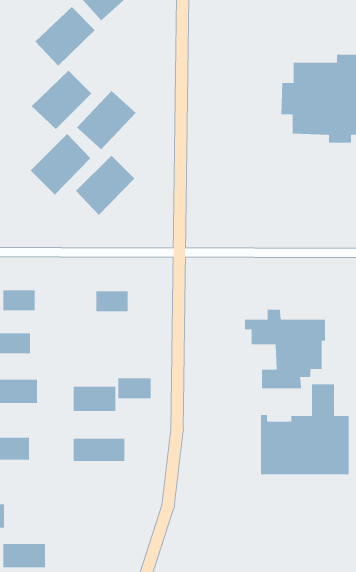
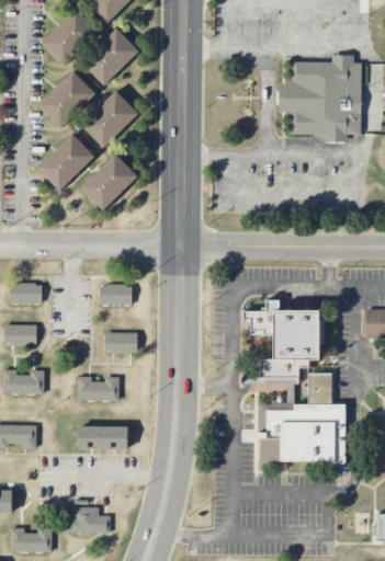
building: none -> [82,28,140,87]
building: [118,378,152,399] -> [105,332,138,353]
building: none -> [69,506,109,533]

